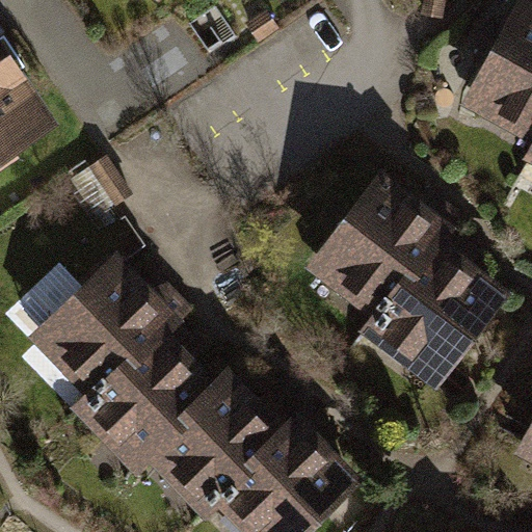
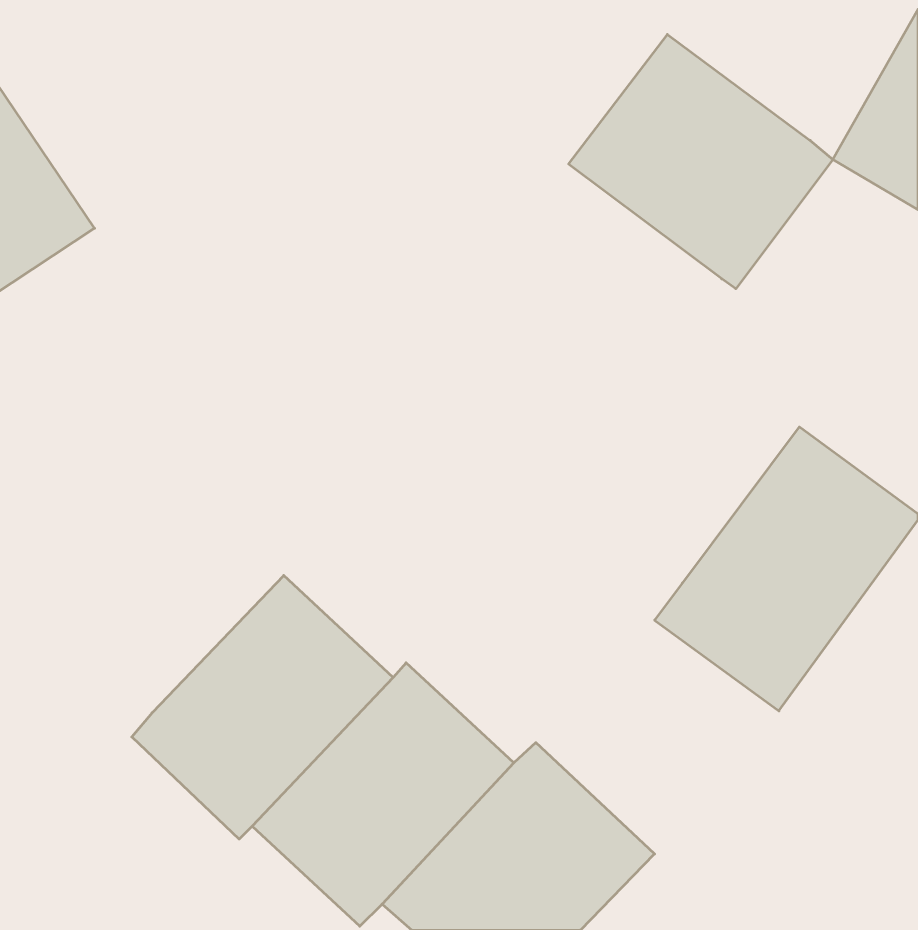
building: none -> [569,34,833,289]
building: [305,170,457,326] -> none
building: [27,249,176,399] -> none

